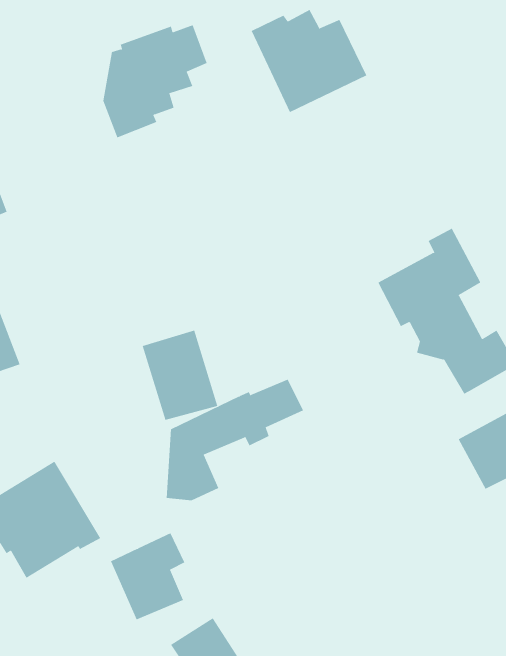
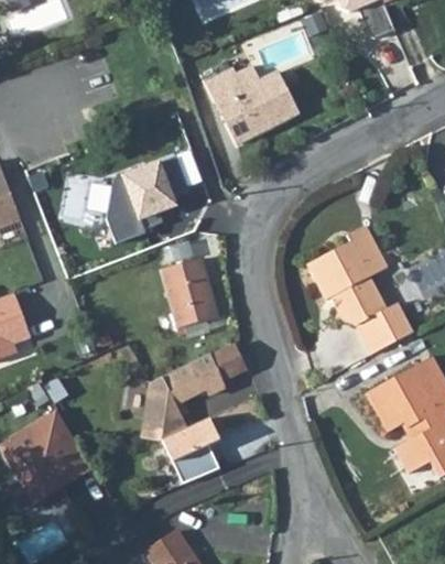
building: [103,25,208,138] -> [105,158,185,245]
building: [142,330,218,420] -> [161,257,219,326]
building: [110,532,185,620] -> [163,417,220,485]

